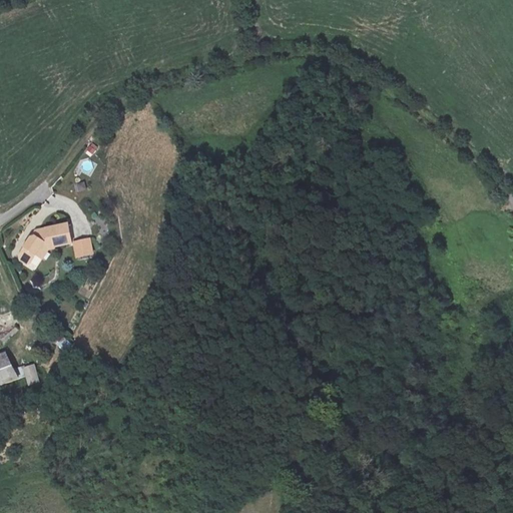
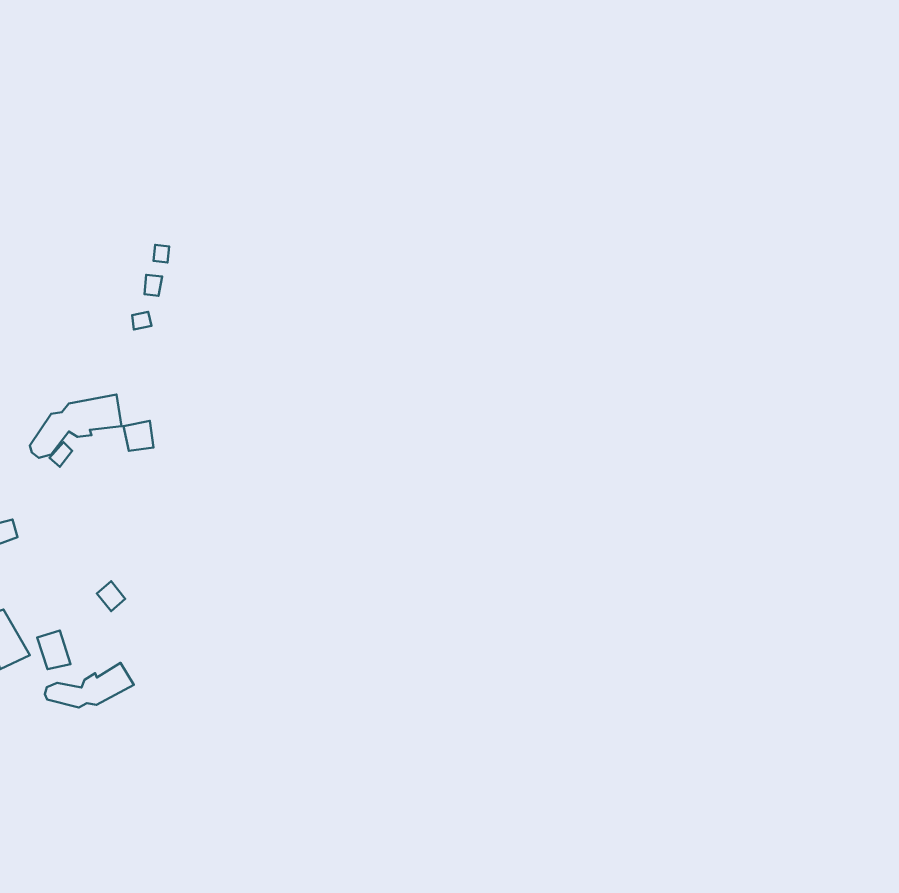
building: none -> [45,663,134,708]

